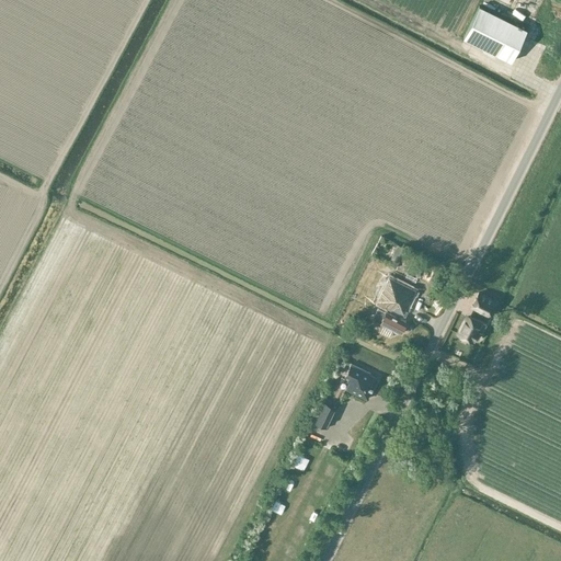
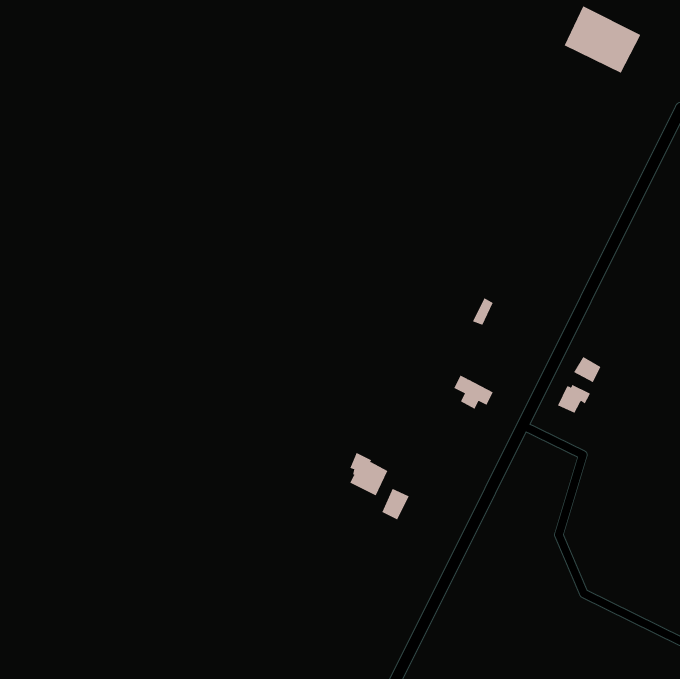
building: [375,275,417,317] -> none
building: [346,365,378,401] -> [350,452,388,496]

